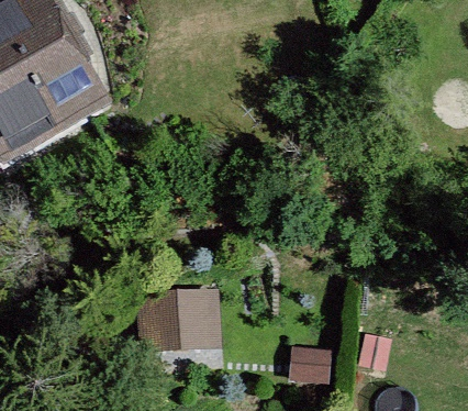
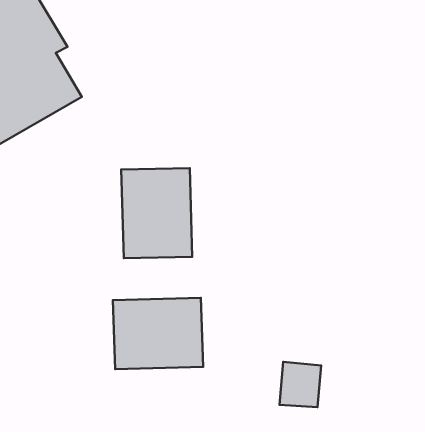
building: none -> [121,168,192,258]

